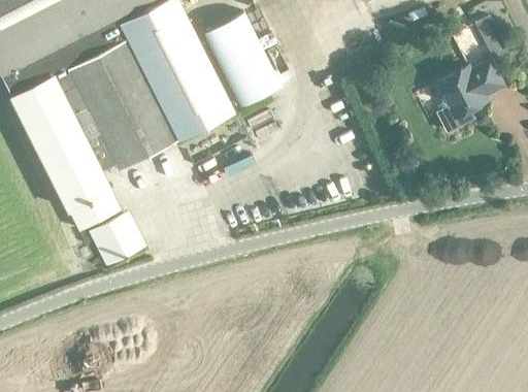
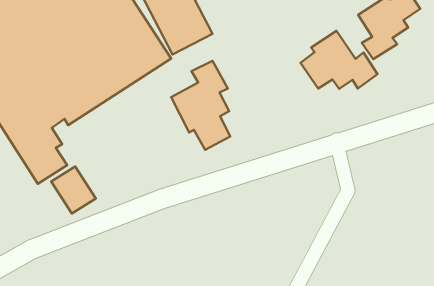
building: none -> [300,31,378,89]
building: none -> [171,61,230,150]

